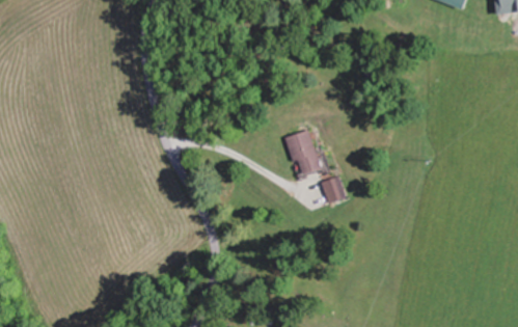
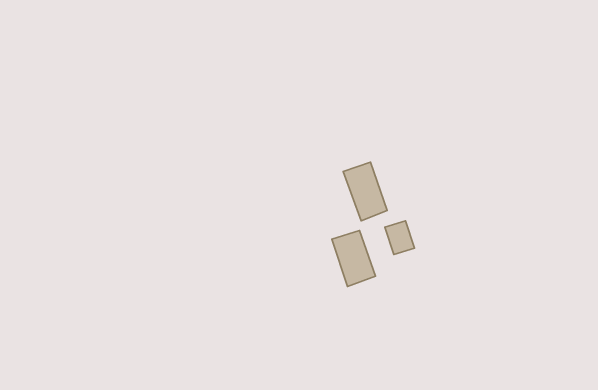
building: none -> [332,231,375,286]

